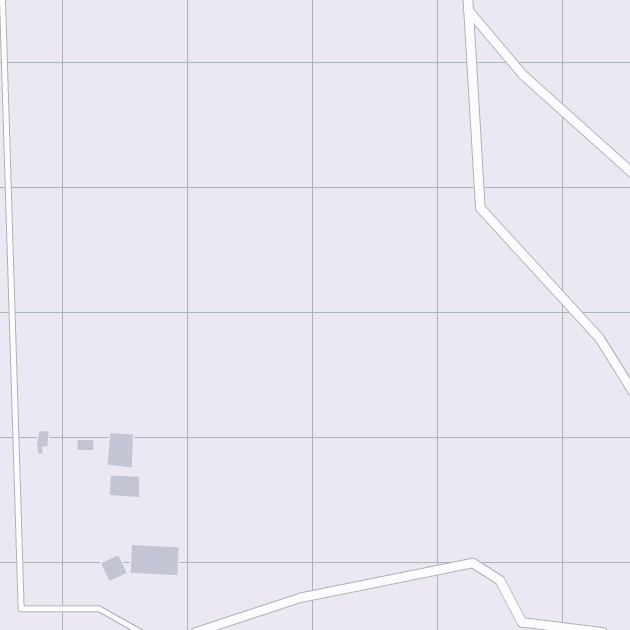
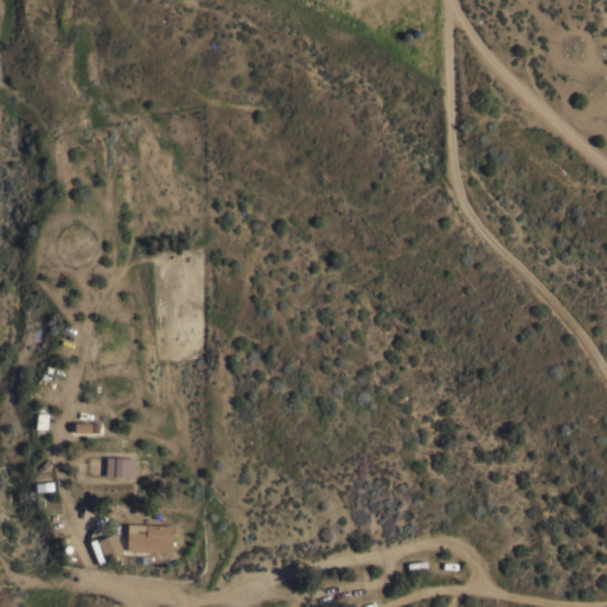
building: [107,432,134,468] -> none

